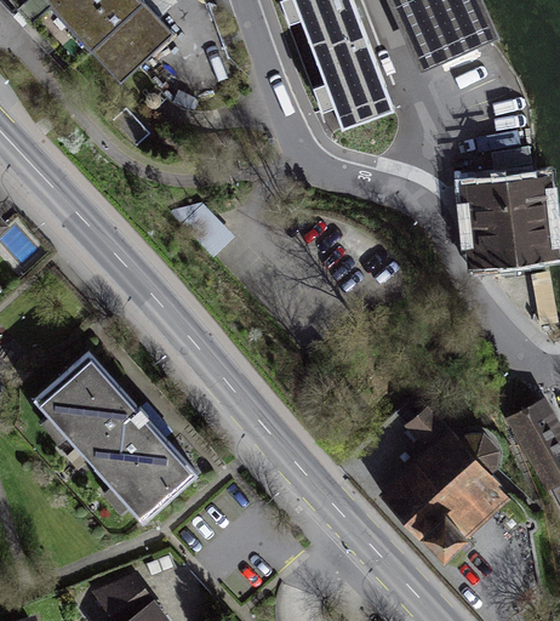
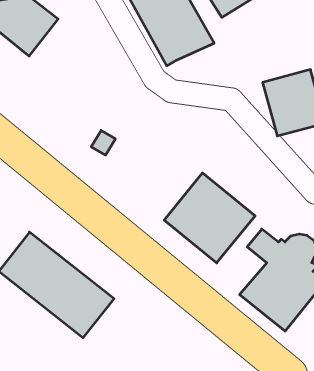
building: none -> [164,173,255,263]

